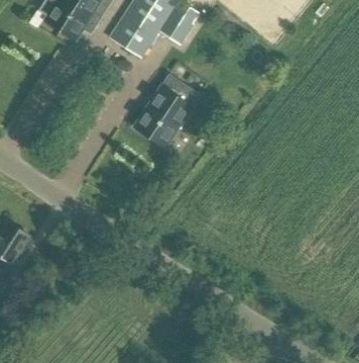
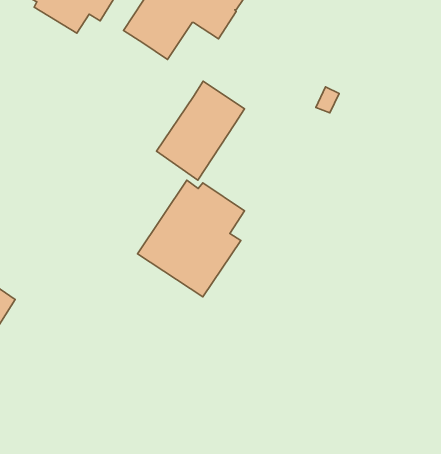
building: none -> [138,180,244,297]

